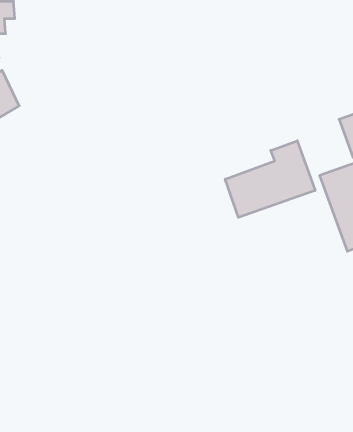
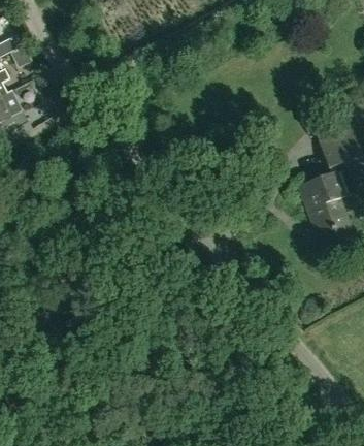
building: [225,141,315,217] -> none

